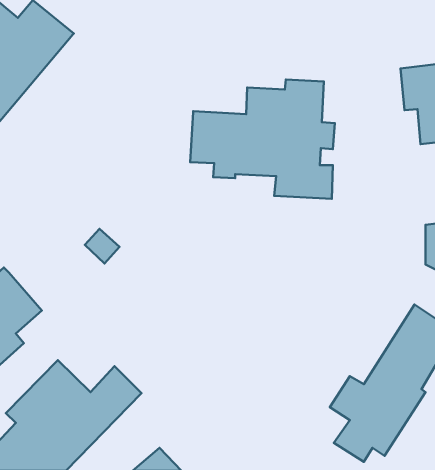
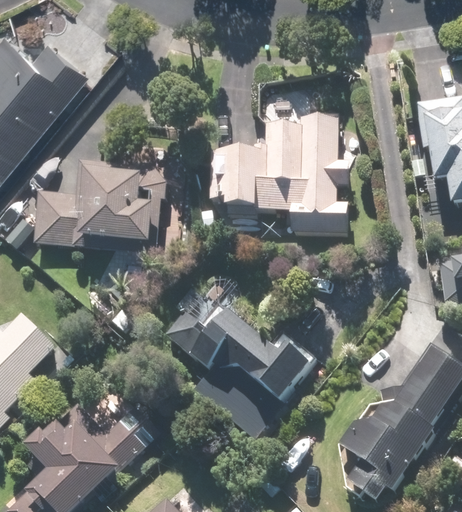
building: none -> [34,167,158,248]
building: none -> [166,295,320,443]

